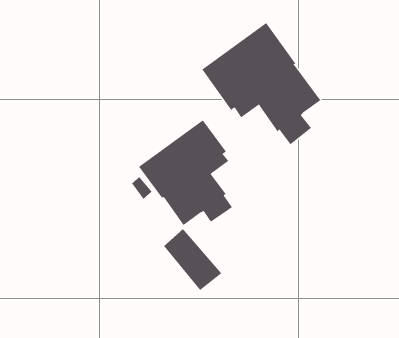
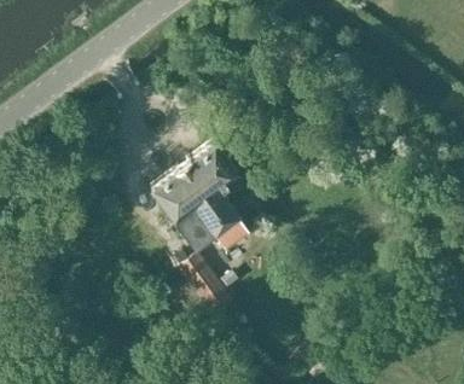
building: [201,22,321,145] -> none

